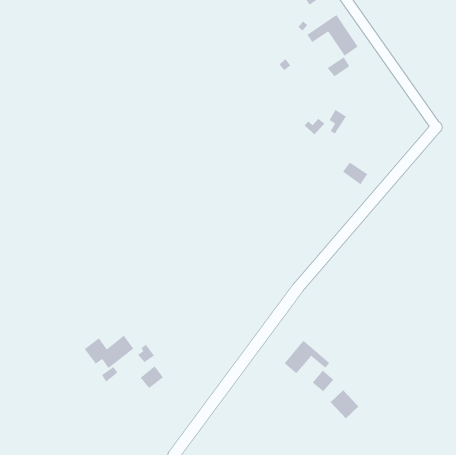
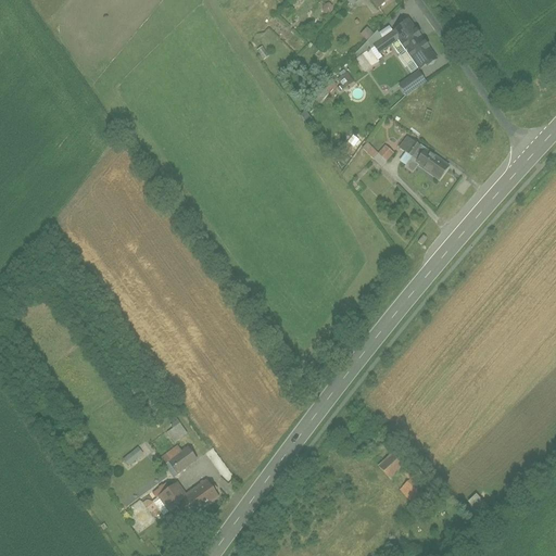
building: [342,162,368,185] -> [415,150,446,178]
building: [84,335,134,369] -> [159,475,219,516]
building: [284,340,330,374] -> none

